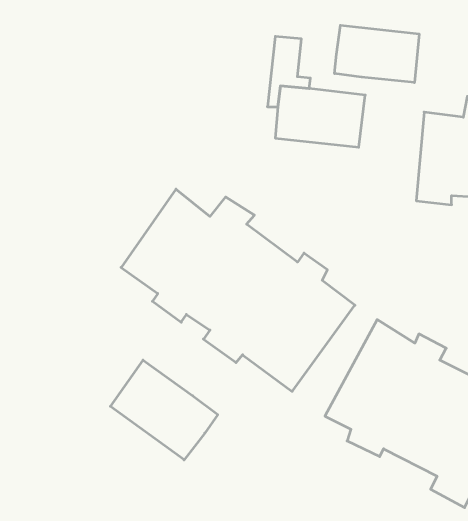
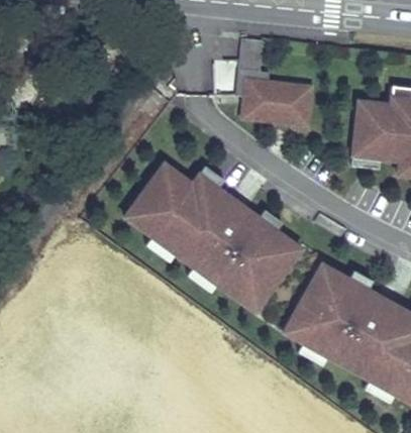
building: [335,25,419,83] -> none
building: [110,360,218,460] -> none

